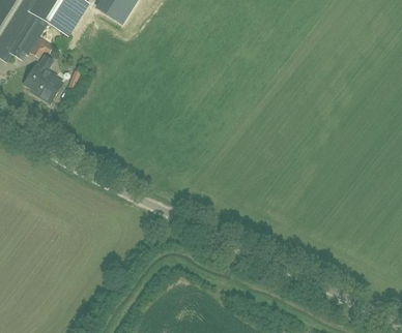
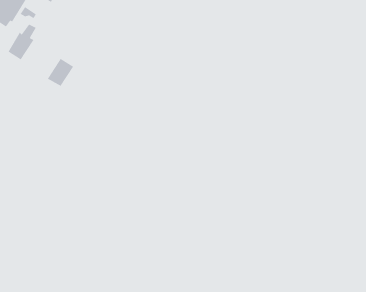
building: [36,72,64,102] -> [47,57,74,87]

